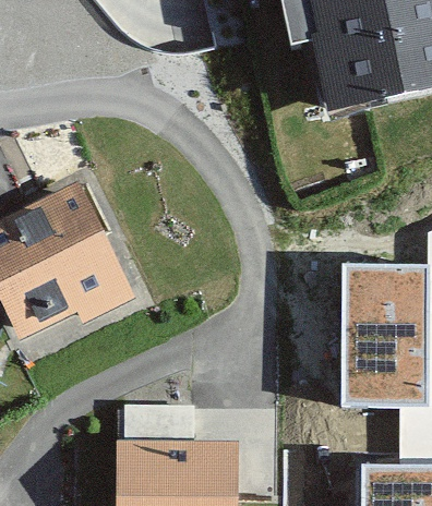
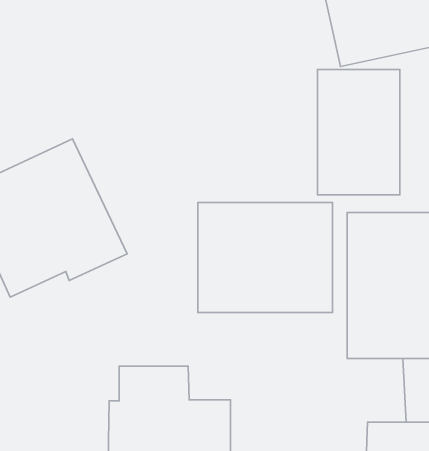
building: none -> [318,69,400,195]
building: none -> [198,203,332,312]

